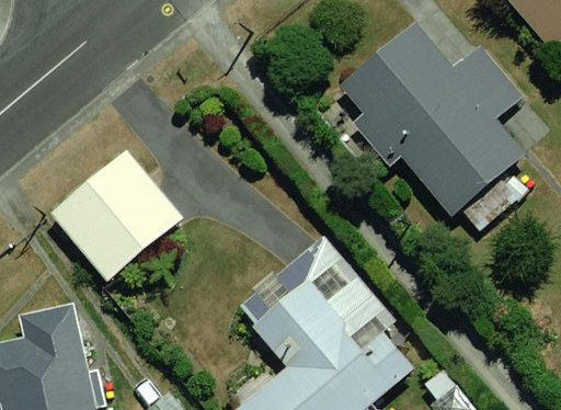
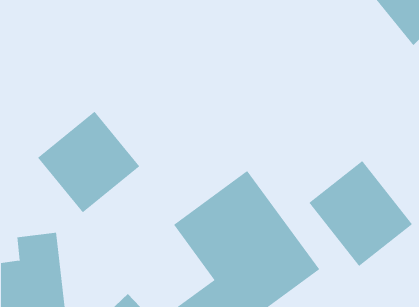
building: [333,26,518,223] -> none
building: none -> [308,160,413,267]

